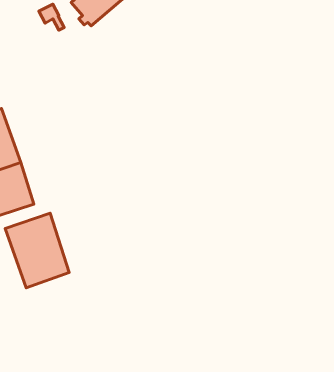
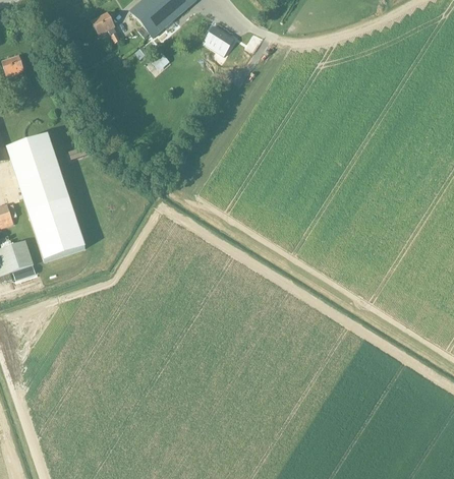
building: none -> [202,24,234,56]
building: [5,213,69,288] -> none

